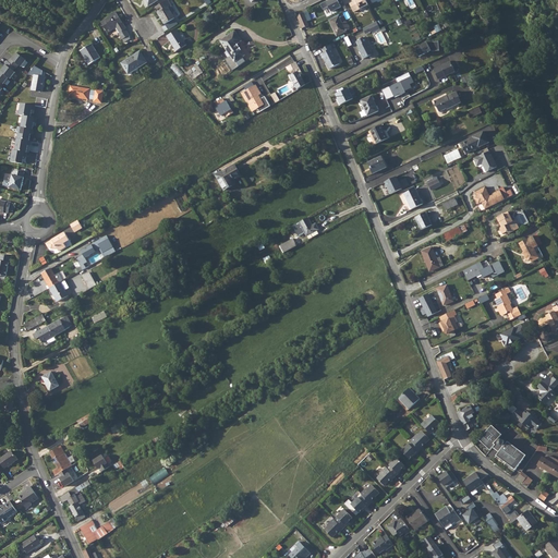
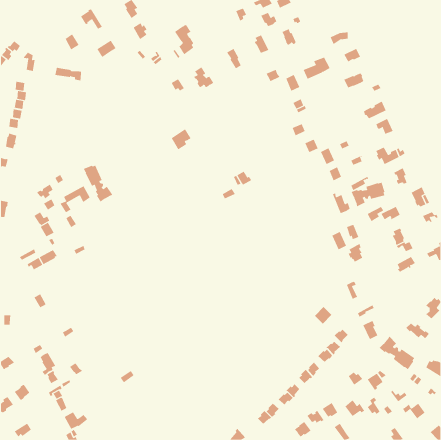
building: none -> [83,165,113,203]
building: none -> [351,182,385,207]

